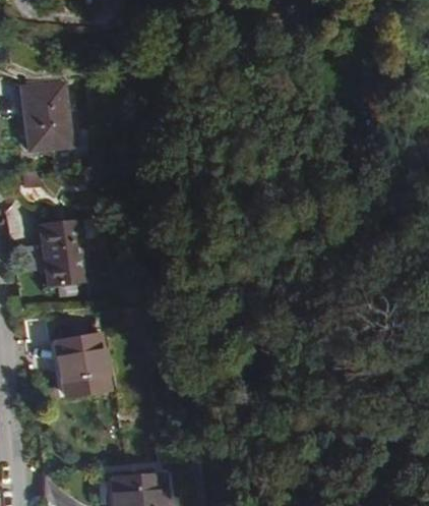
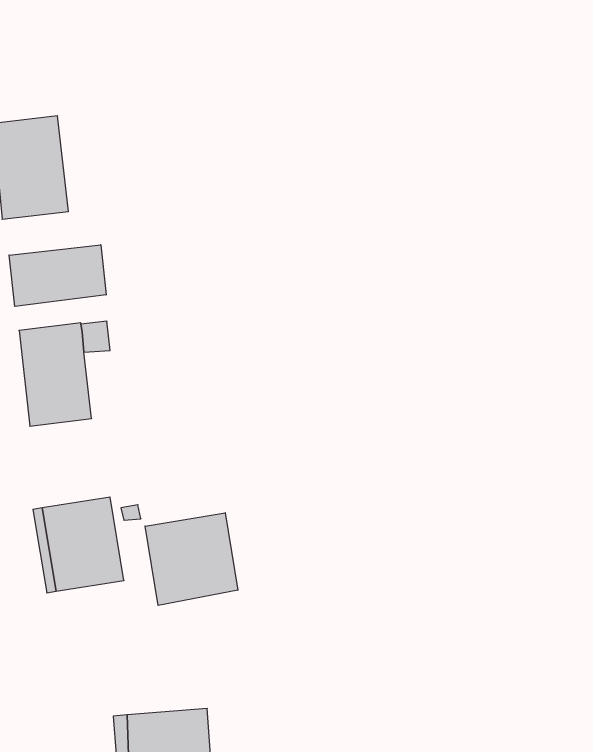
building: none -> [9,245,106,306]
building: none -> [145,513,238,605]

